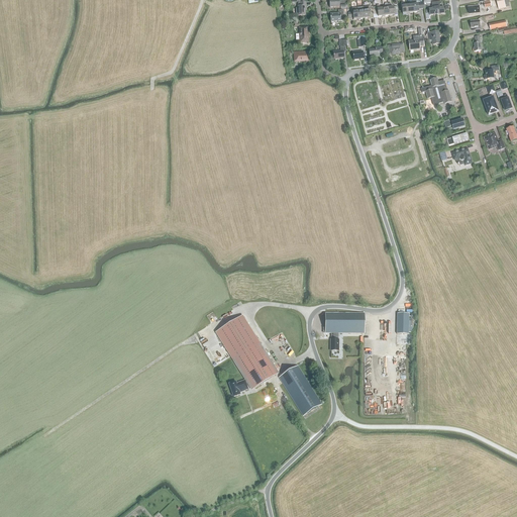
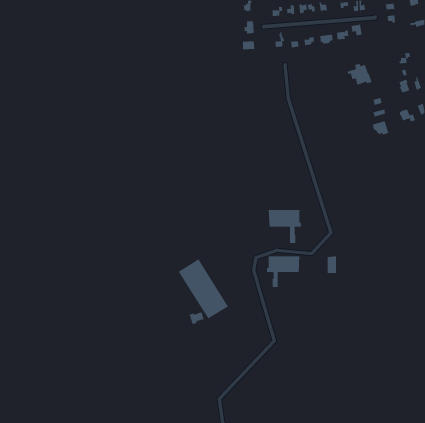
building: none -> [268,209,302,244]
building: [279,364,321,414] -> none

